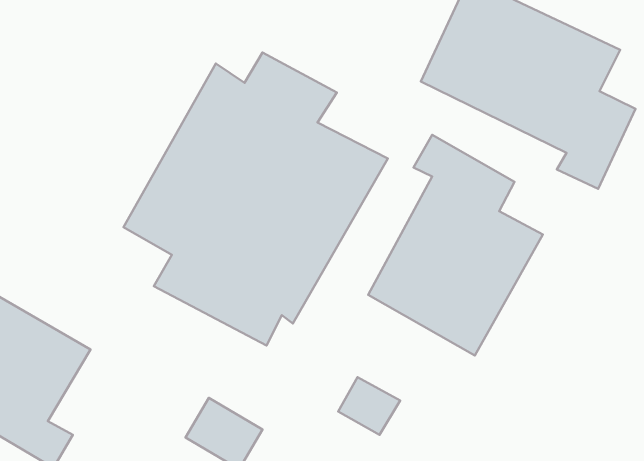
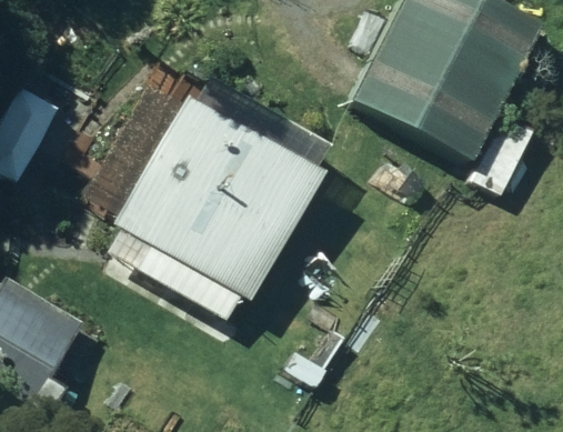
building: [368,135,543,355] -> none

